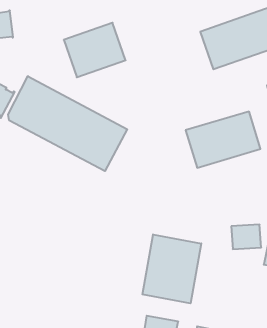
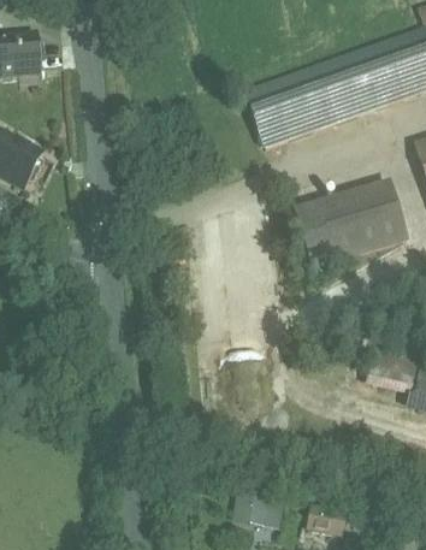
building: [64,23,126,77] -> [245,65,337,146]
building: [8,76,127,171] -> none
building: [142,234,201,303] -> none

